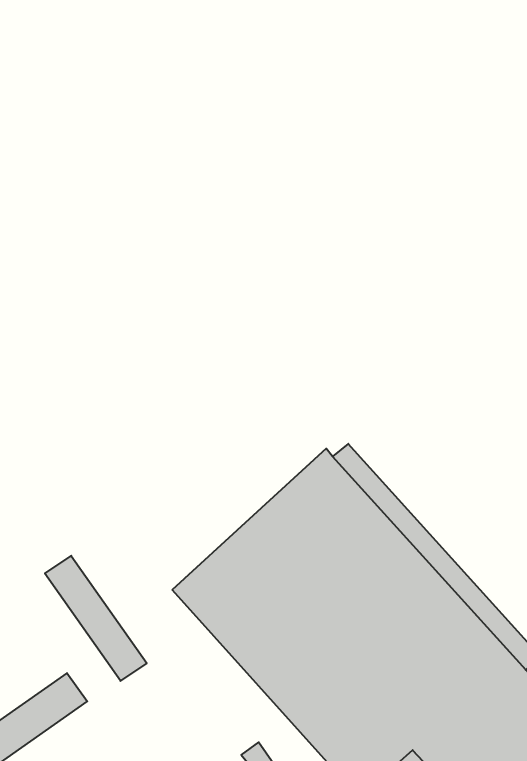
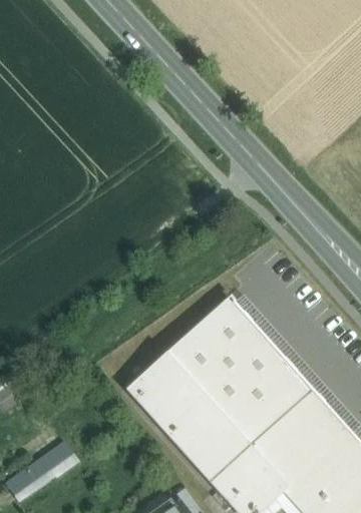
building: [45,556,147,681] -> none

